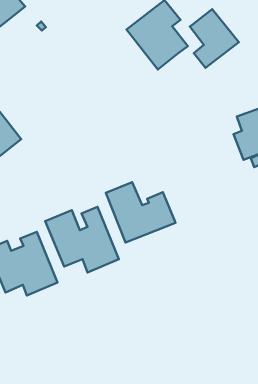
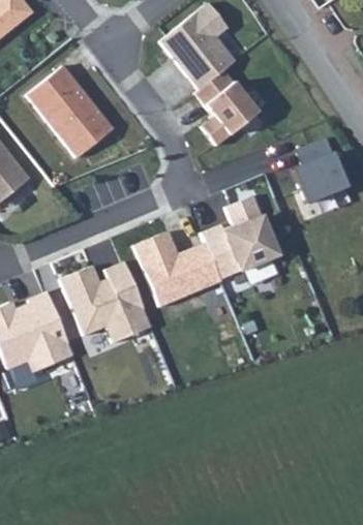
building: [190,9,239,68] -> [196,70,258,144]
building: none -> [28,66,113,157]
building: none -> [202,196,277,278]

